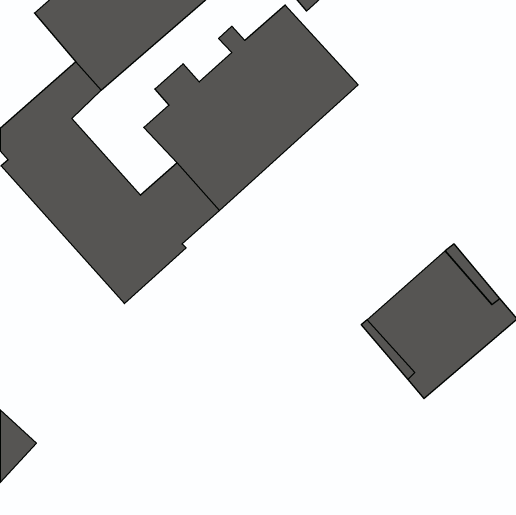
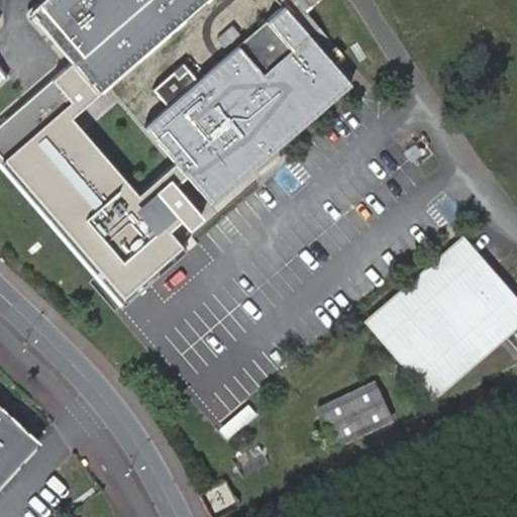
building: none -> [314,383,387,445]

